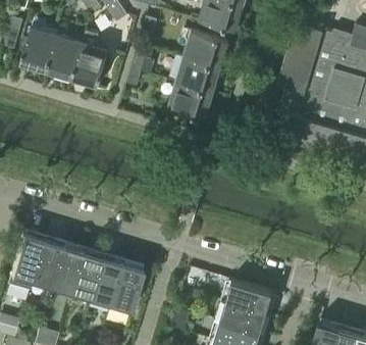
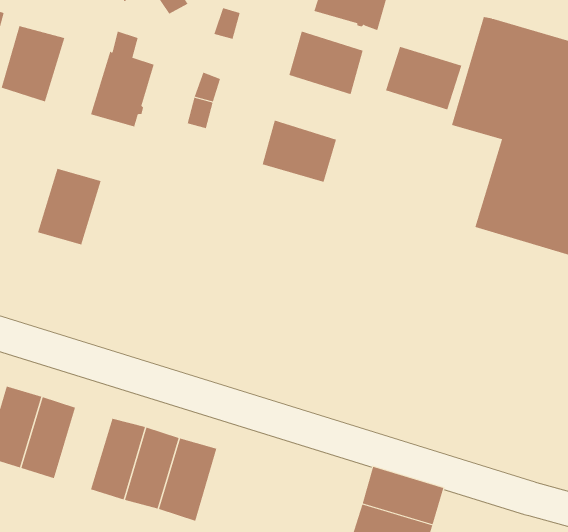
building: [45,35,82,79] -> [37,168,102,245]
building: [175,56,219,93] -> [385,46,462,110]
building: [50,246,83,293] -> none

